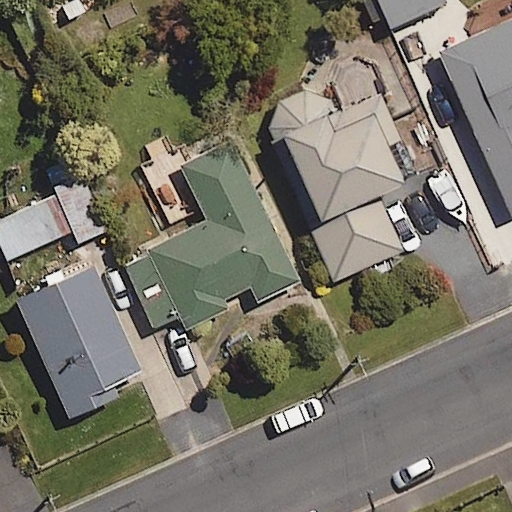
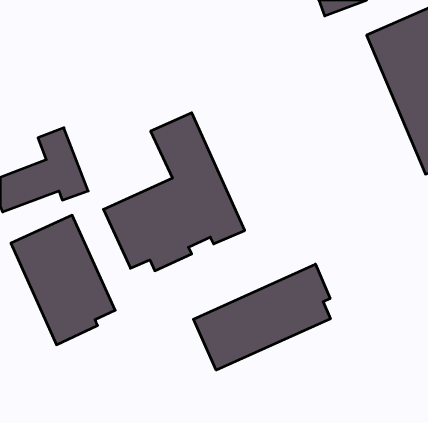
building: [269,53,403,281] -> none
building: none -> [193,264,330,370]

